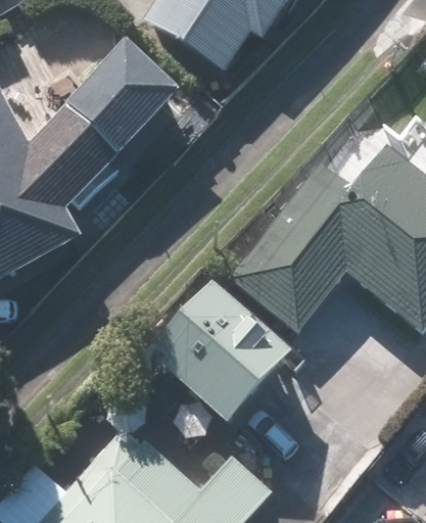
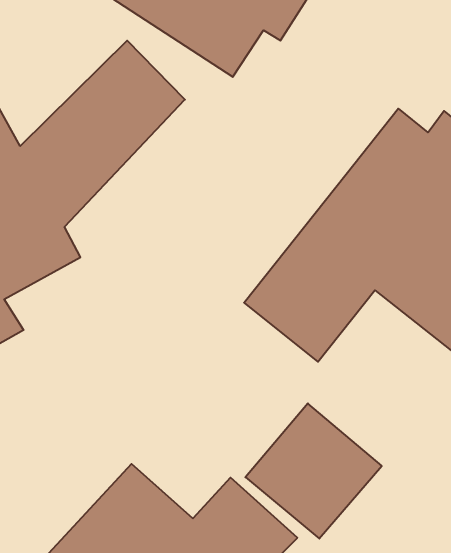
building: [164,295,287,417] -> [245,403,382,539]

